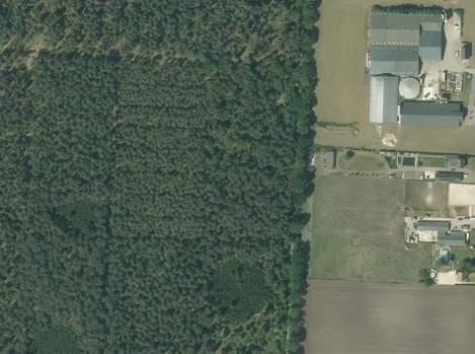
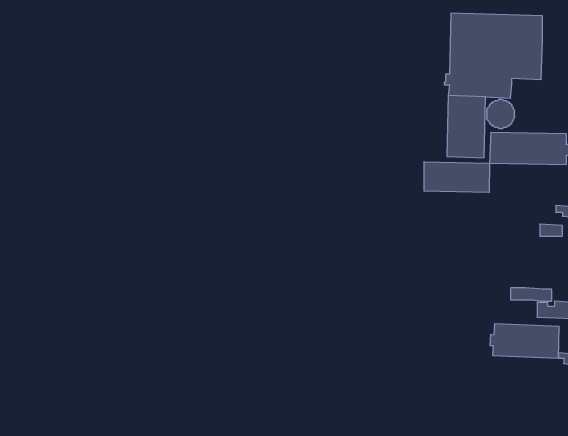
building: none -> [424,162,489,193]
building: none -> [490,324,559,358]

